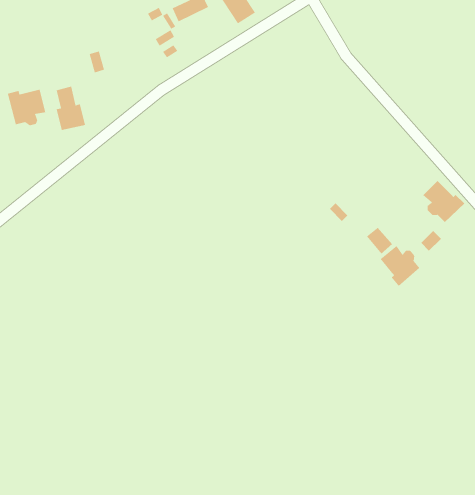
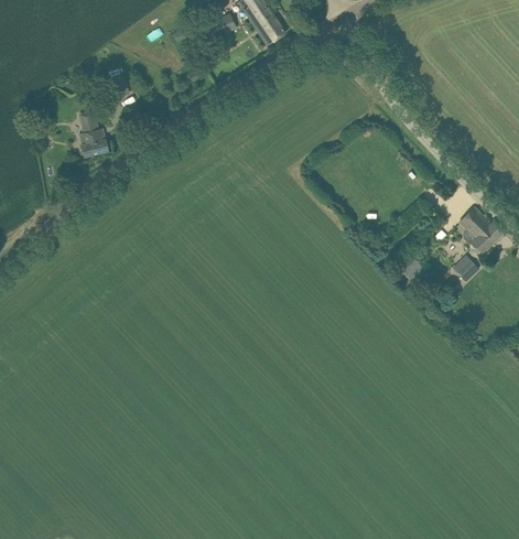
building: [7,89,46,126] -> none
building: [380,245,420,287] -> none

